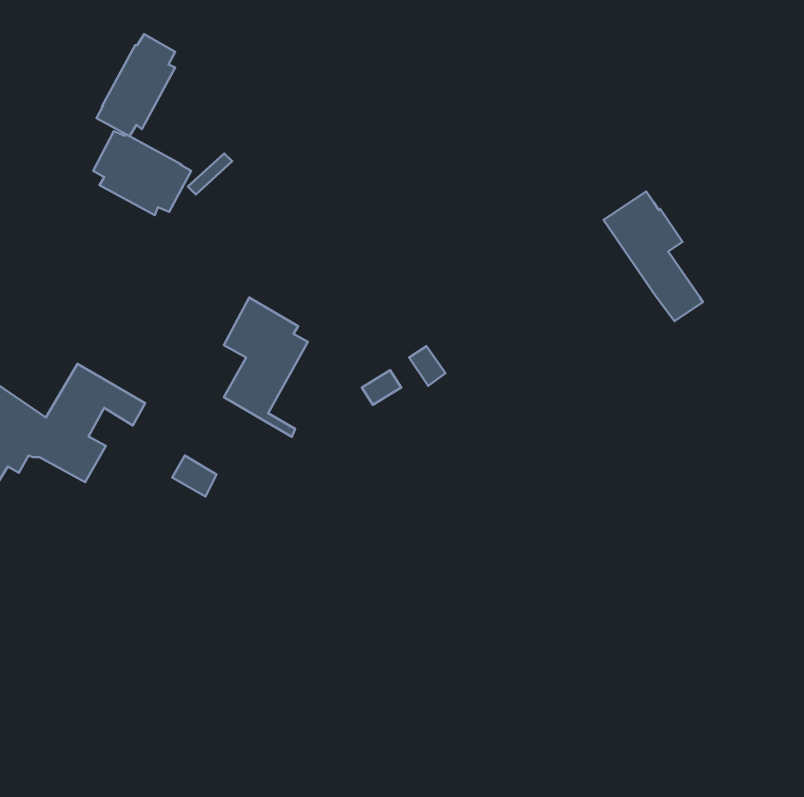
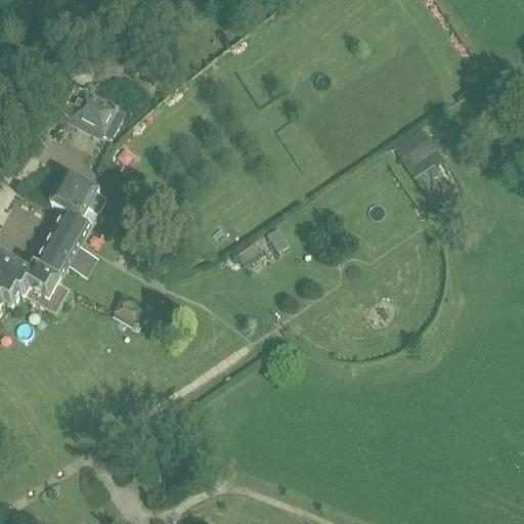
building: [97,34,175,136] -> none
building: [224,298,308,437] -> [50,171,104,261]

